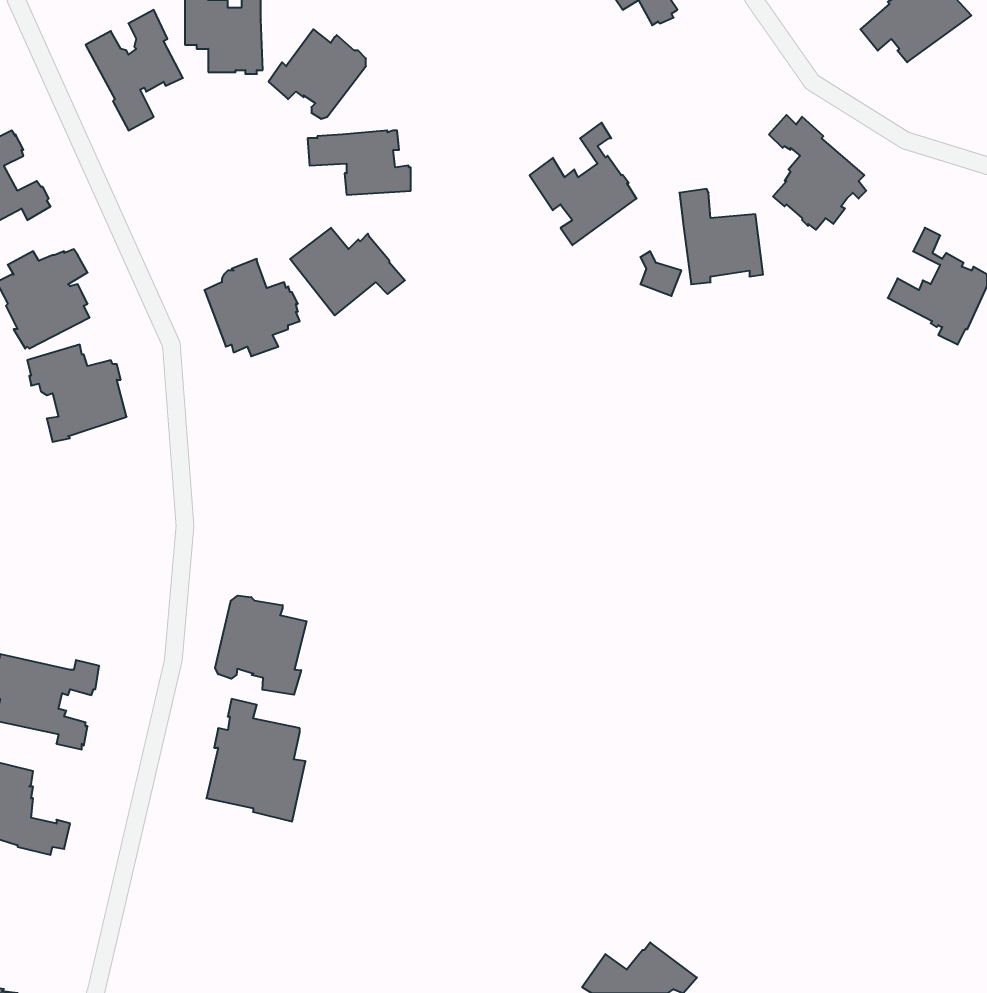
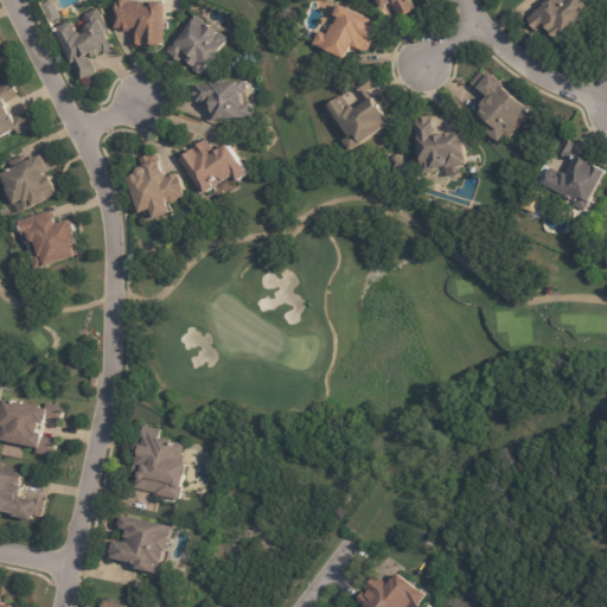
building: none -> [309,5,377,59]
building: [215,596,307,695] -> none
building: none -> [108,516,171,574]

